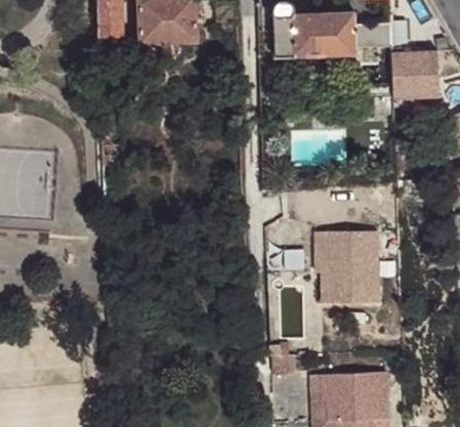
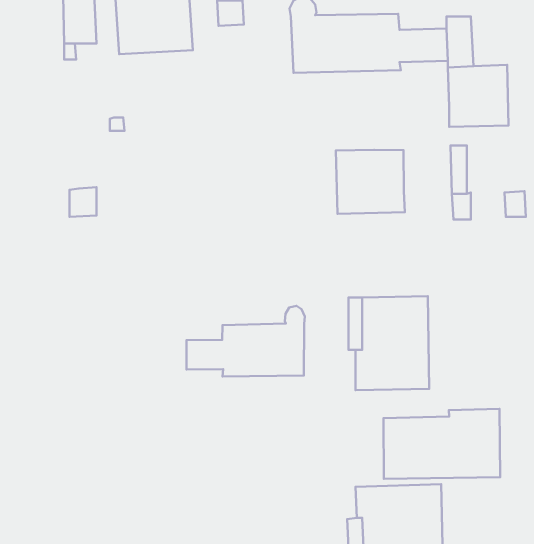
building: none -> [336,150,405,214]
building: none -> [186,306,305,377]
building: none -> [383,409,500,479]

